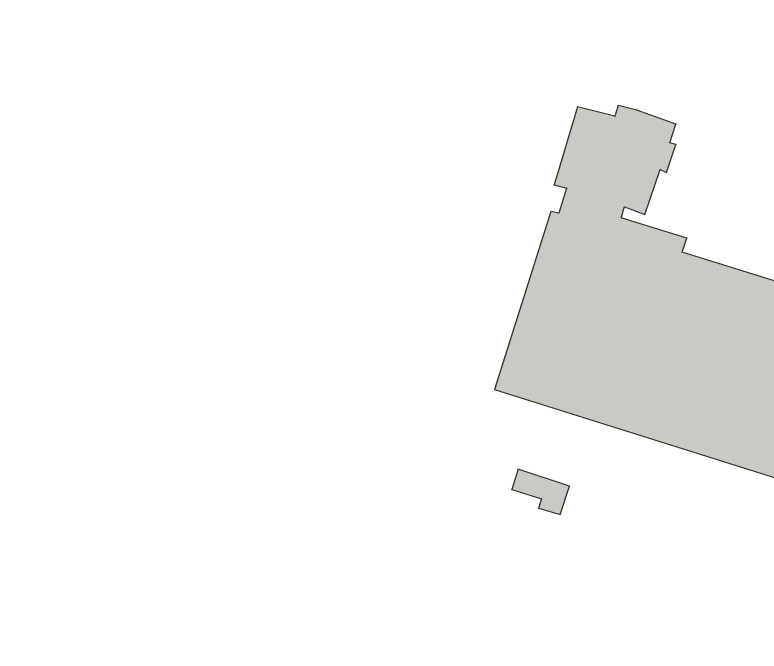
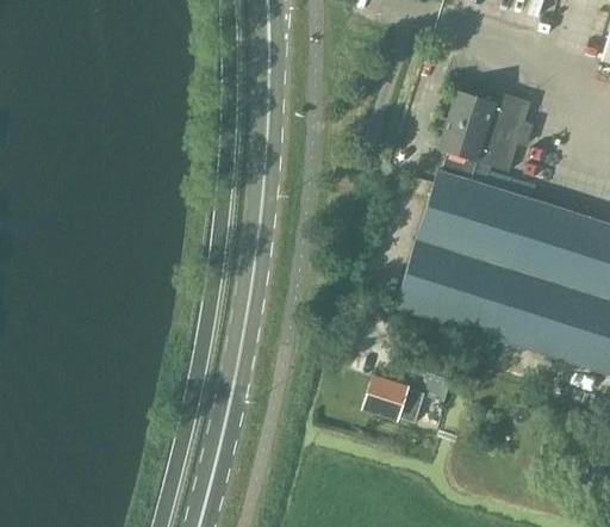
building: none -> [363,377,417,417]

